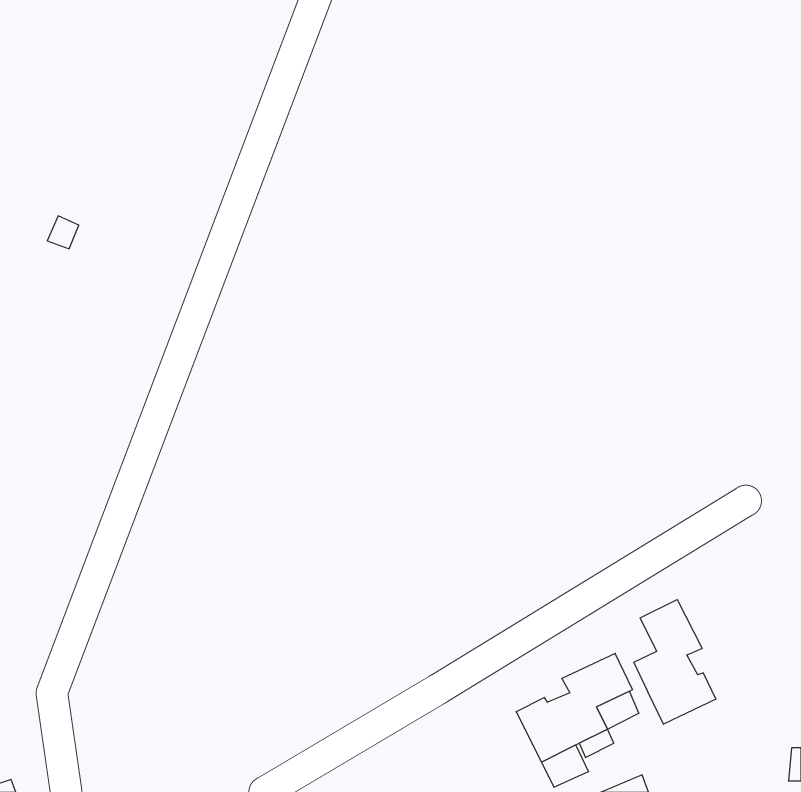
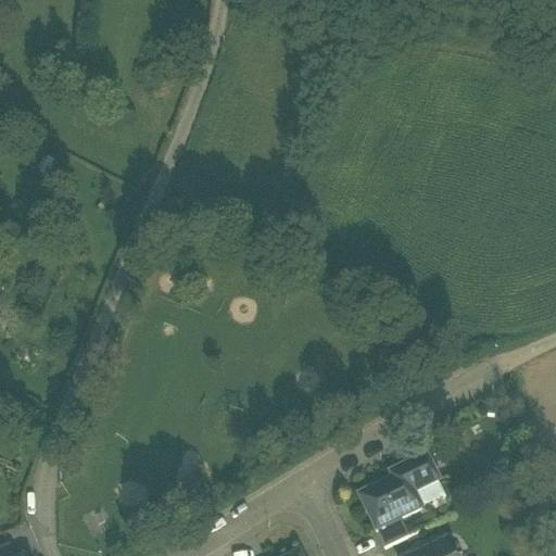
building: [634,600,716,724] -> none

